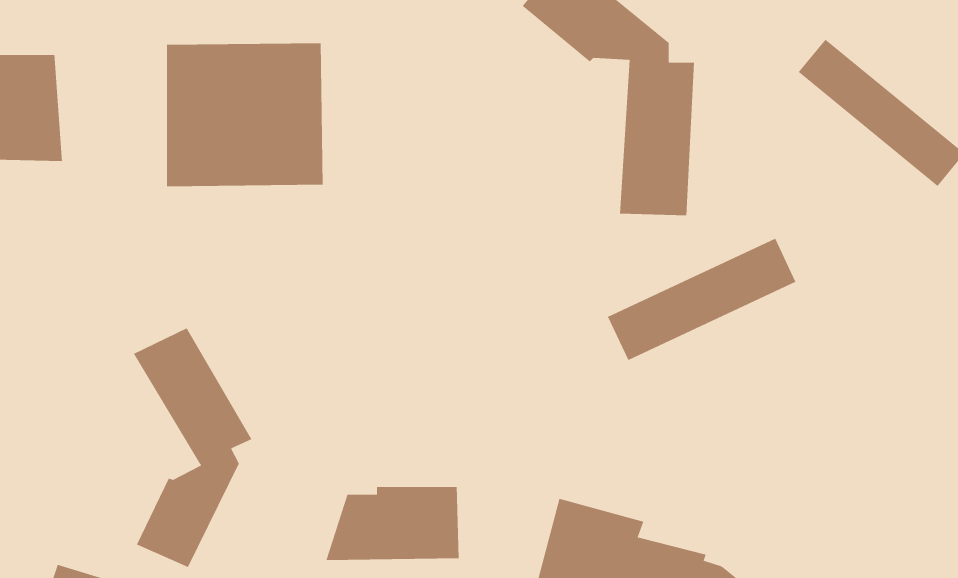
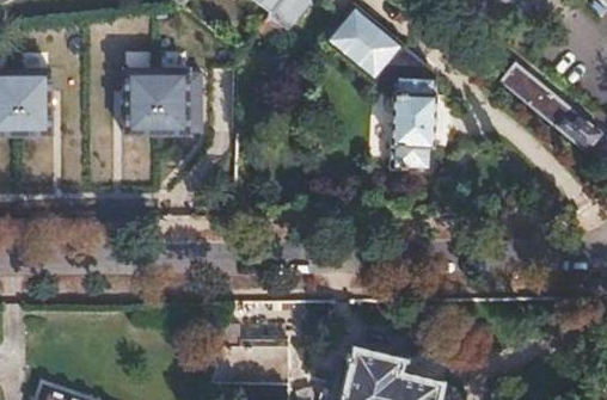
building: [607,238,796,361] -> none
building: [133,327,252,568] -> none

